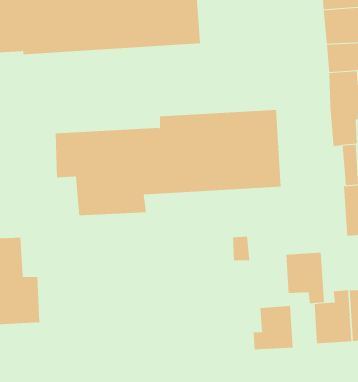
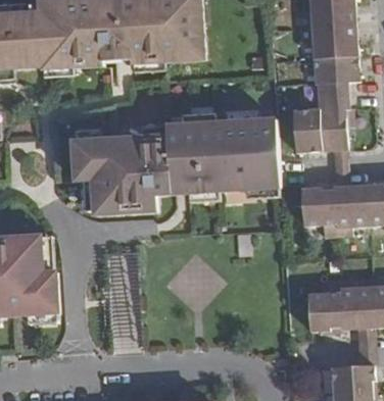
building: none -> [292,114,324,152]
building: [286,252,325,304] -> [300,187,336,234]
building: [253,305,293,350] -> none

